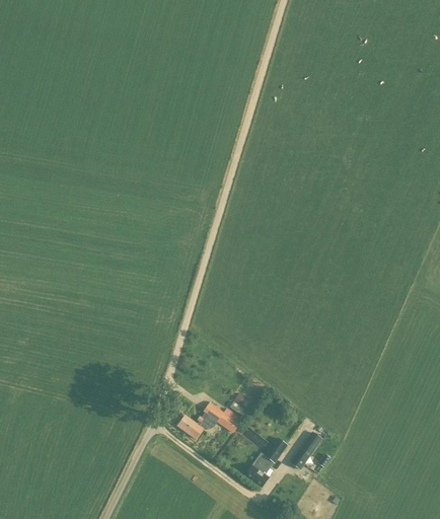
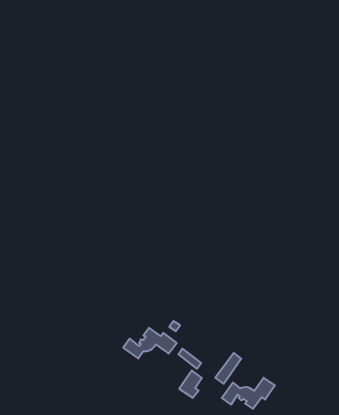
building: none -> [222,378,275,409]

